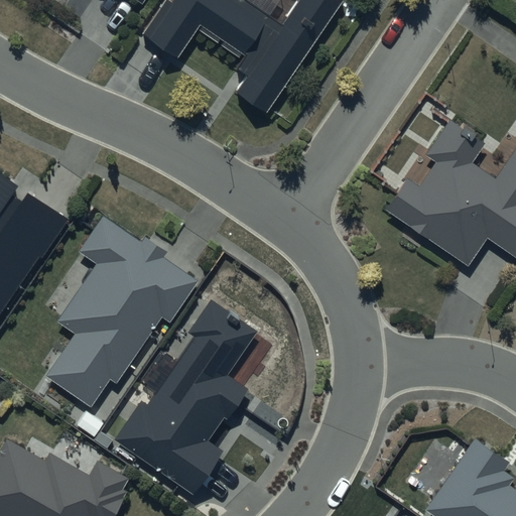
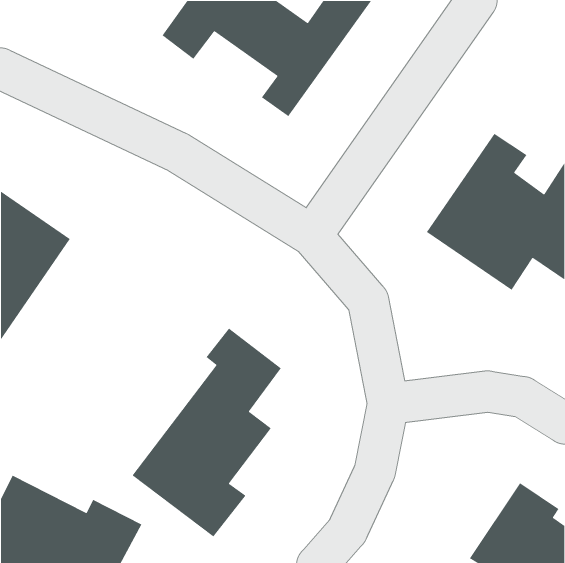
building: [44,214,195,410] -> none

